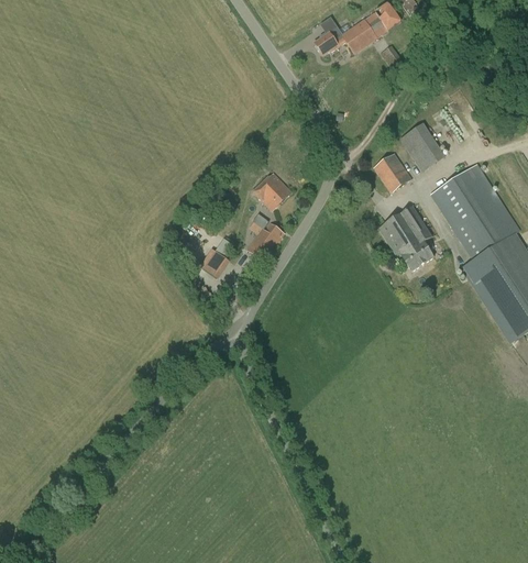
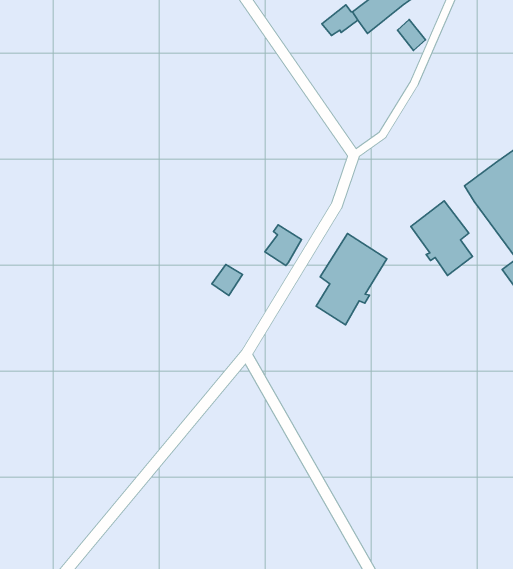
building: [399,121,444,170] -> none
building: [372,151,411,192] -> none
building: [253,172,290,209] -> none
building: none -> [316,233,387,325]

